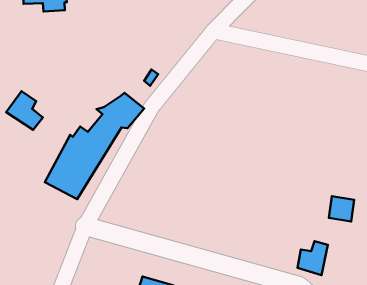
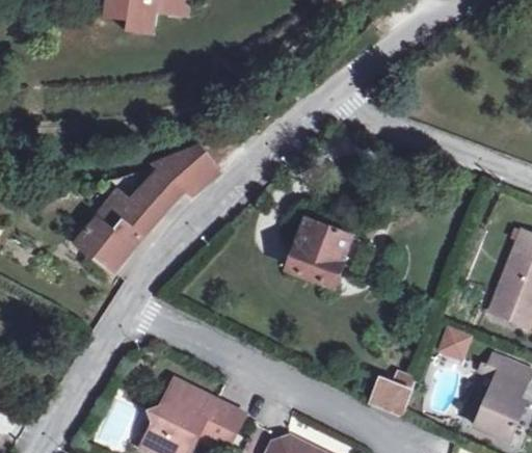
building: [6,91,43,130] -> none
building: none -> [274,216,363,283]

